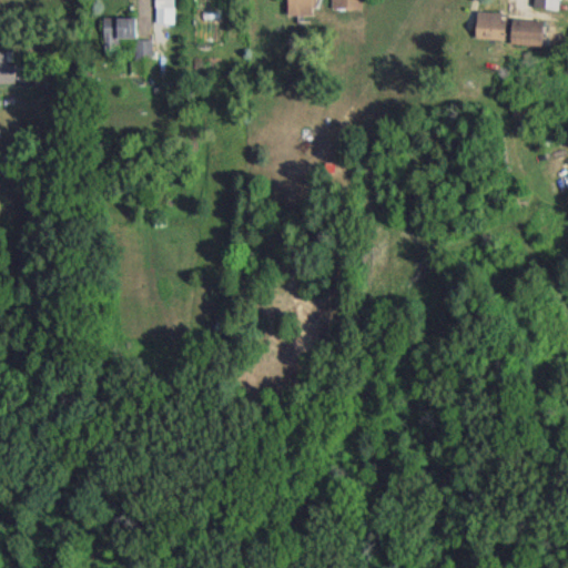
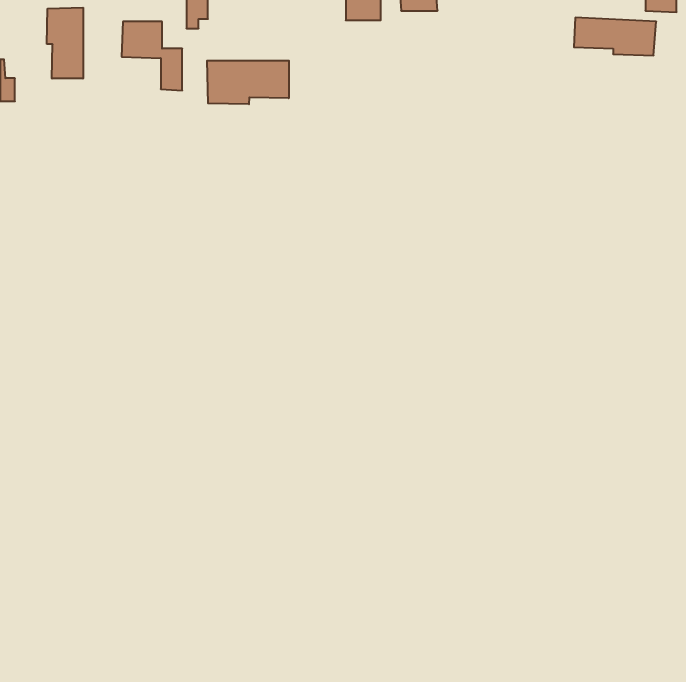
building: none -> [47,8,83,79]
building: none -> [207,61,289,104]

